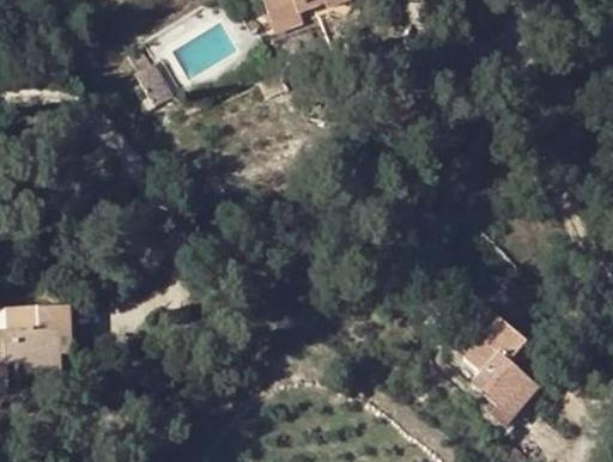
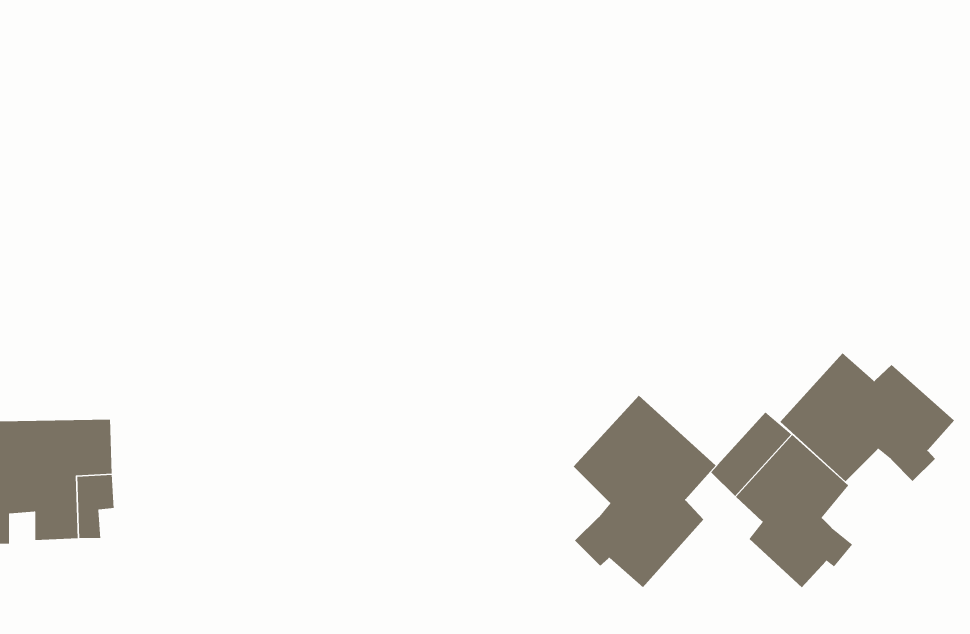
building: none -> [780,352,955,482]
building: none -> [573,395,716,588]

